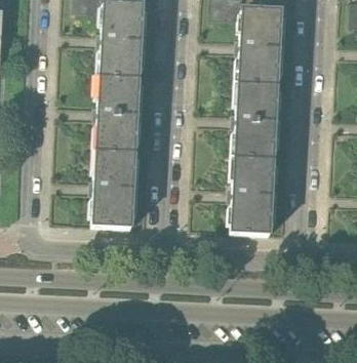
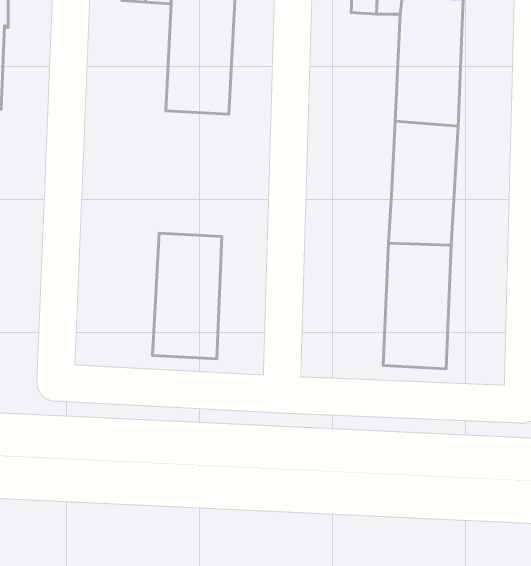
building: [97,75,140,151] -> none

